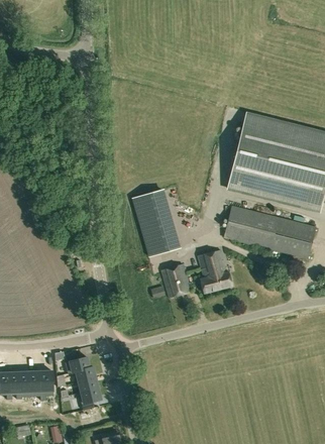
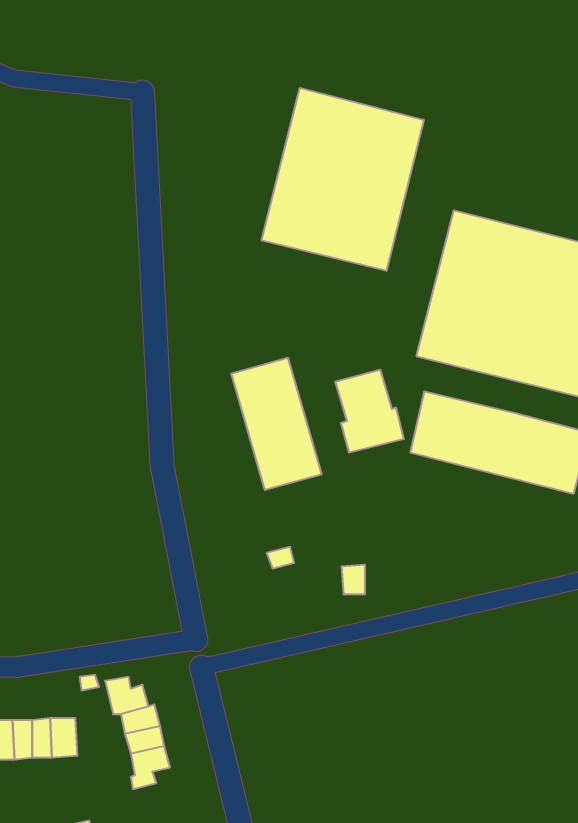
building: none -> [262,88,424,271]
building: [198,249,233,292] -> [335,370,404,453]
building: [160,263,191,298] -> none

